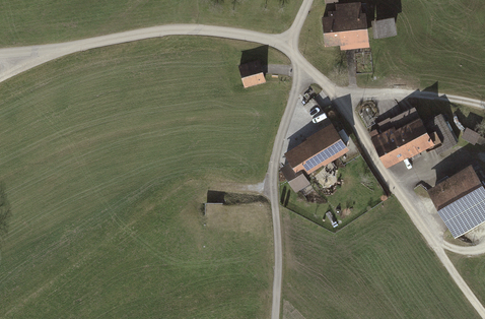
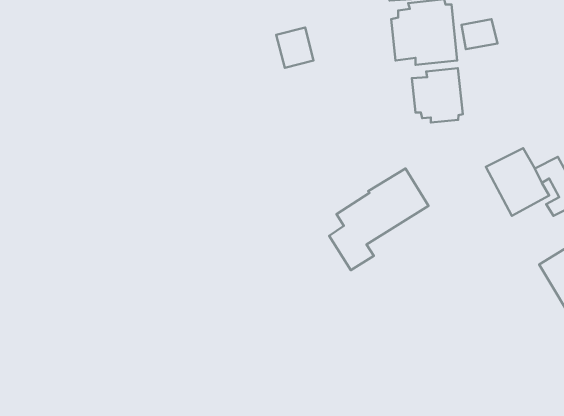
building: none -> [412,68,463,122]
building: [238,59,265,87] -> [276,28,314,68]
building: [369,118,408,166] -> none

